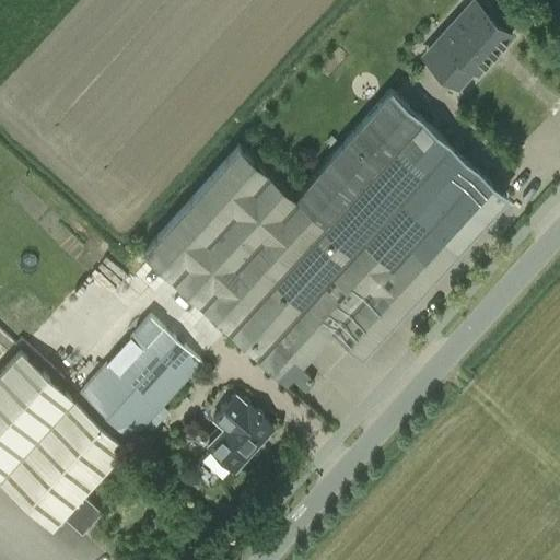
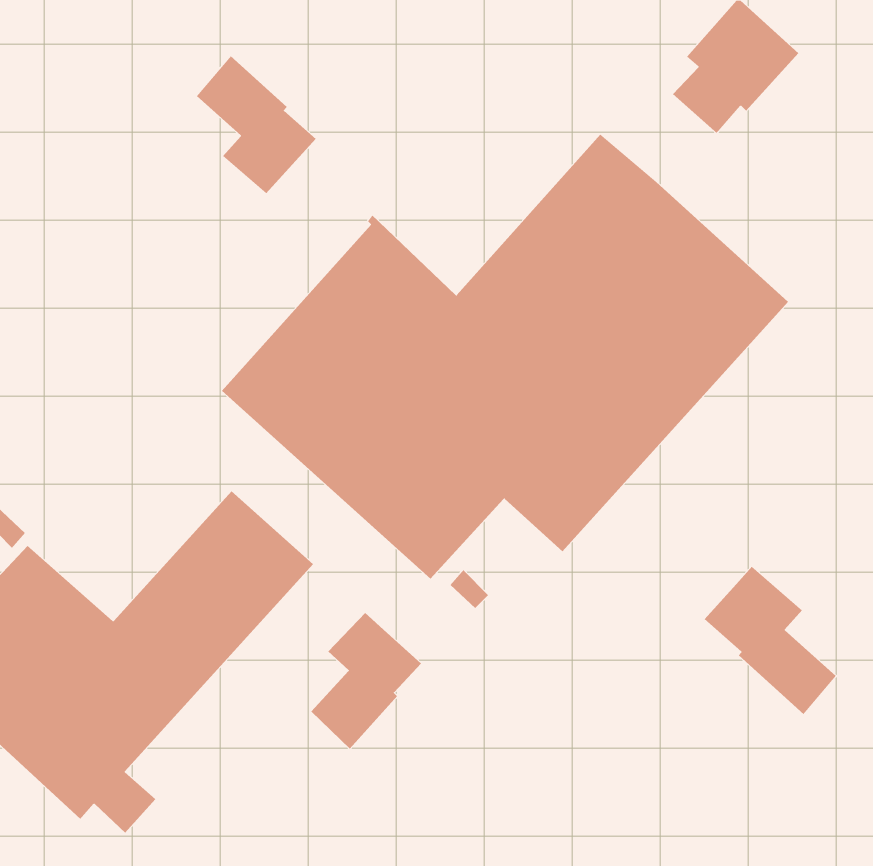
building: none -> [196,56,316,194]
building: none -> [704,566,837,715]

